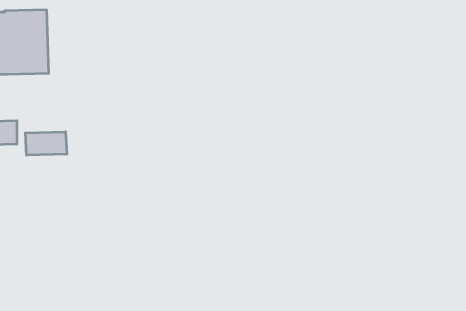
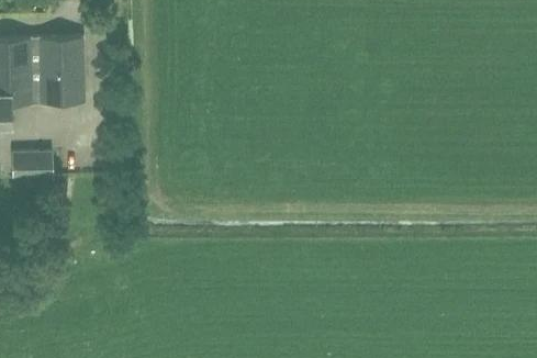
building: [25,132,67,155] -> none

